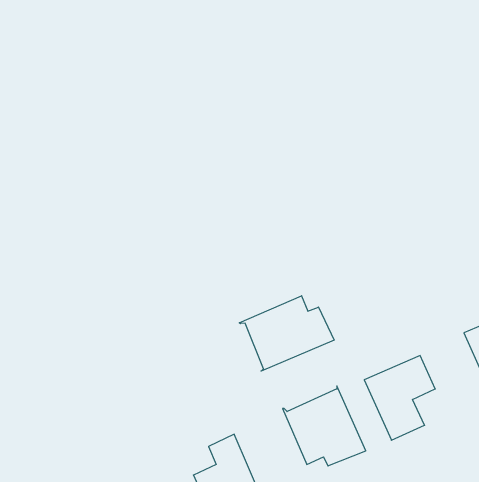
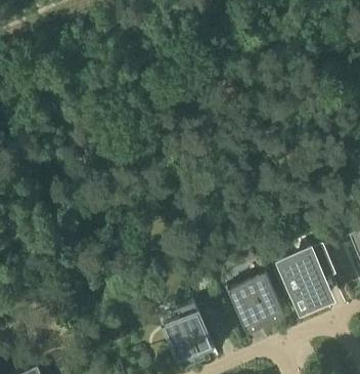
building: [239,296,334,371] -> none

